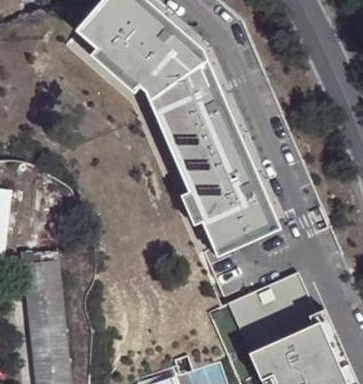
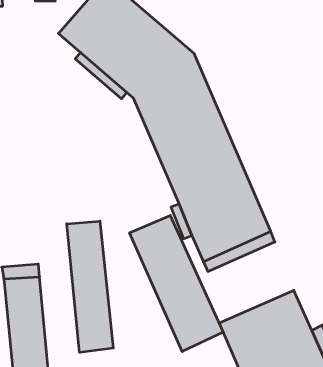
building: none -> [130,215,223,352]
building: none -> [67,221,113,352]

